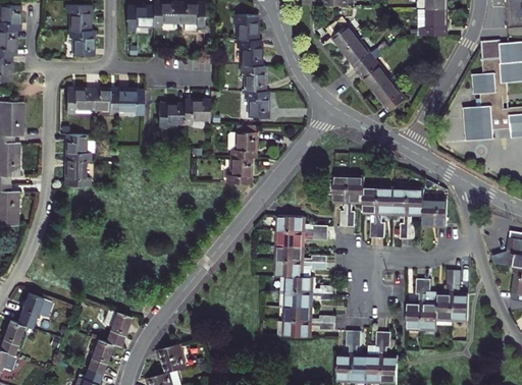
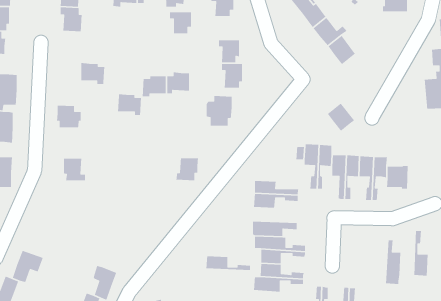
building: [237,41,261,65] -> [169,12,192,34]
building: [374,80,405,112] -> [327,102,355,132]
building: [65,90,92,114] -> none
building: [117,91,144,115] -> [117,93,142,116]
building: [226,159,252,184] -> [175,158,199,181]
building: [65,161,90,186] -> [63,158,86,181]
building: [277,246,326,263] -> [206,256,251,271]
building: [437,270,454,320] -> none
building: [407,280,424,329] -> none

